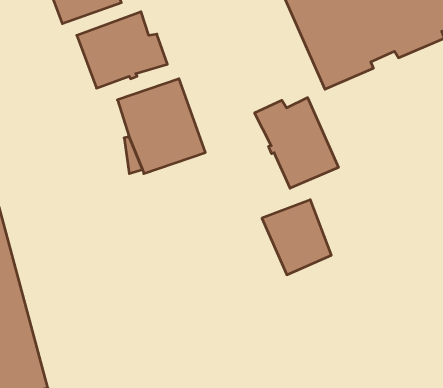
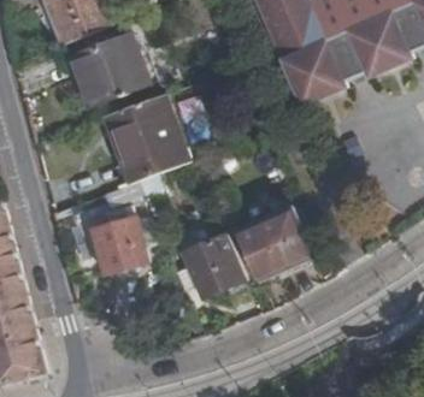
building: [255,98,338,188] -> none
building: none -> [88,217,143,269]
building: none -> [176,232,238,296]

